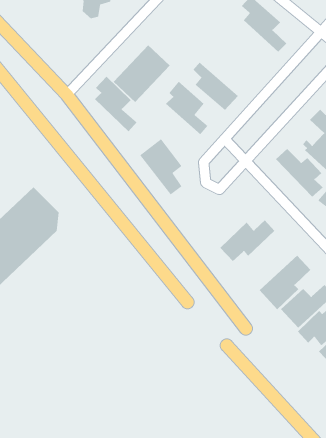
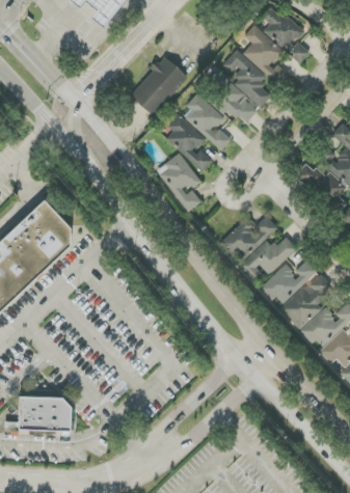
building: none -> [222,23,285,105]
building: [94,76,138,132] -> [166,112,211,170]
building: none -> [220,214,277,262]
building: none -> [260,258,317,302]
building: none -> [21,394,74,430]

